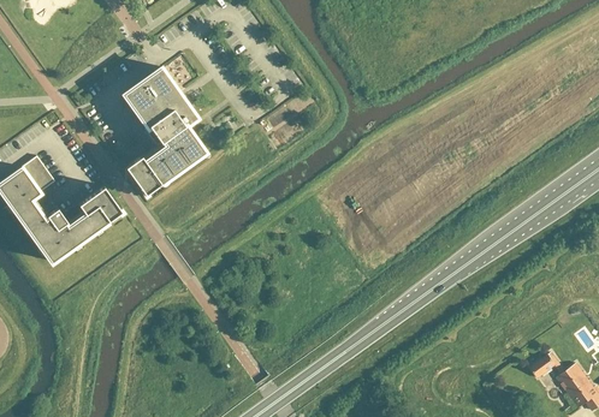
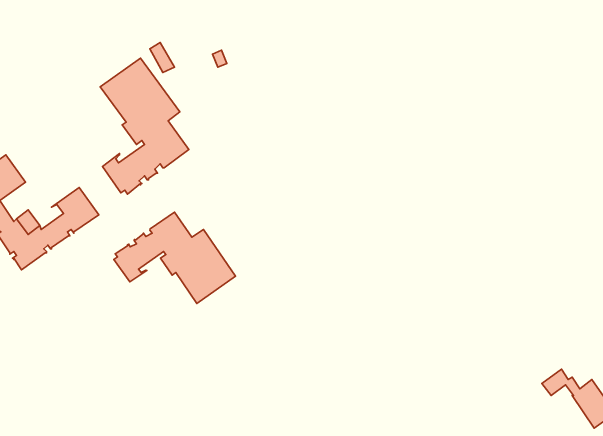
building: none -> [114,212,236,304]

